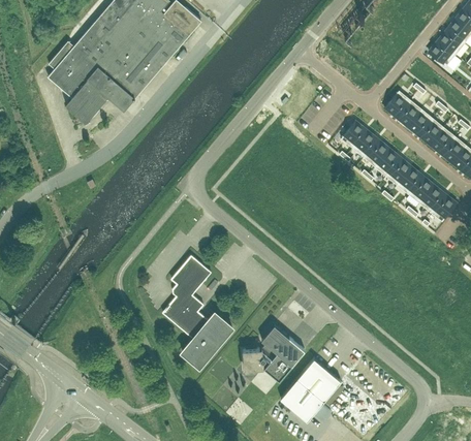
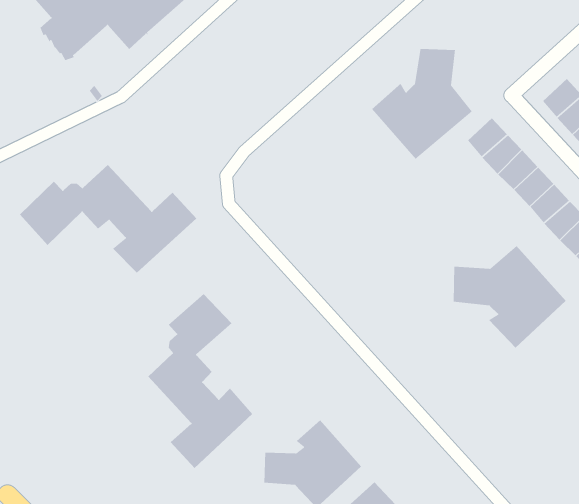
building: none -> [371,48,473,160]
building: none -> [19,164,197,274]
building: none -> [453,245,567,349]

